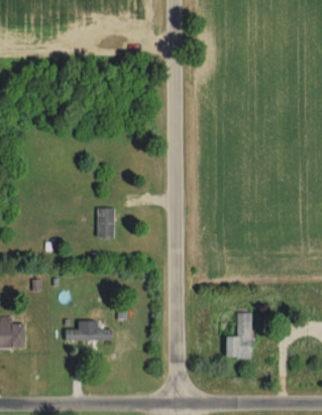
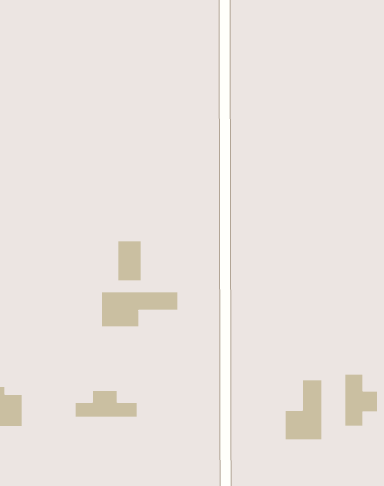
building: none -> [102,292,178,327]
building: none -> [345,374,378,427]

